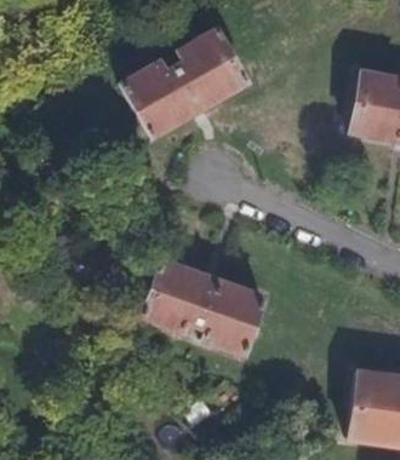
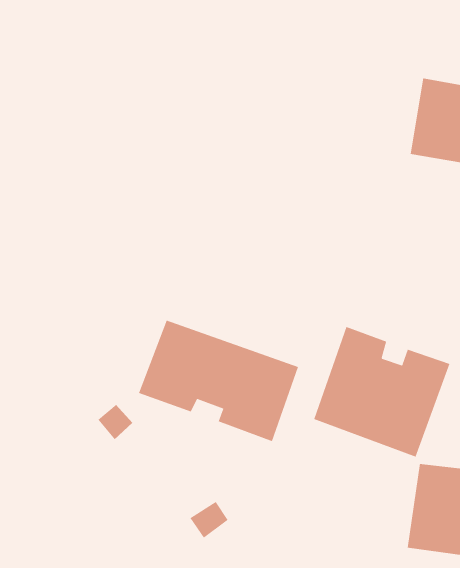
building: [121,29,247,134] -> none
building: none -> [314,326,450,458]

